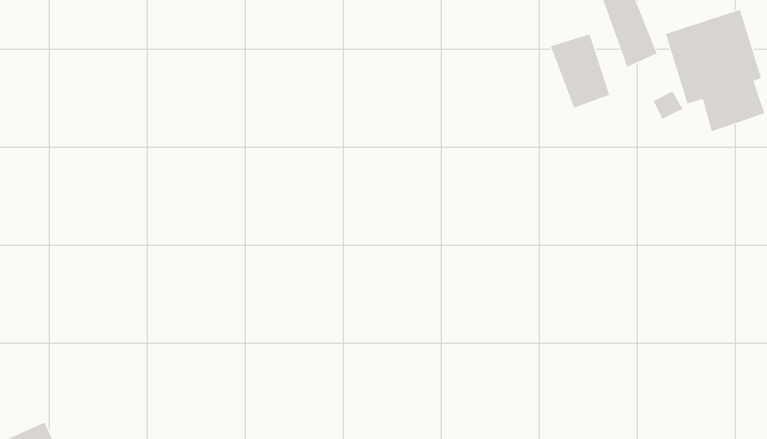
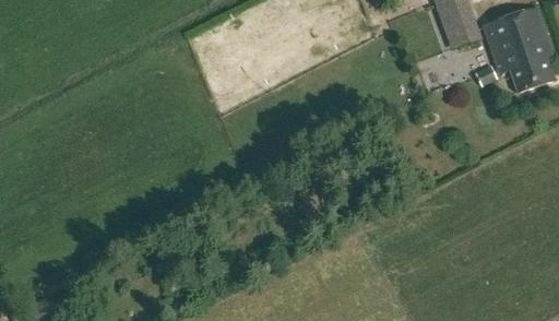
building: [550,34,610,109] -> none

